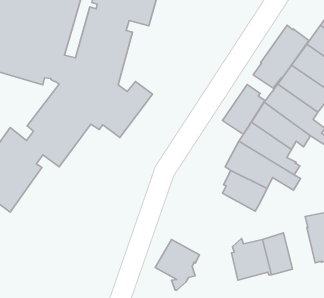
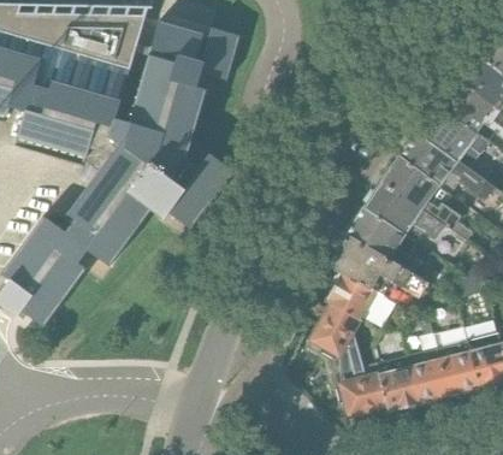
building: [253,25,309,88] -> none
building: [223,85,265,134] -> none
building: none -> [406,342,448,402]
building: [155,239,200,290] -> [309,305,368,372]

